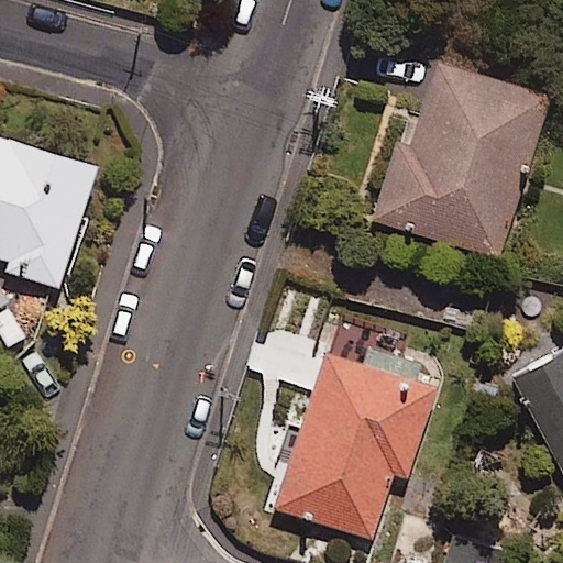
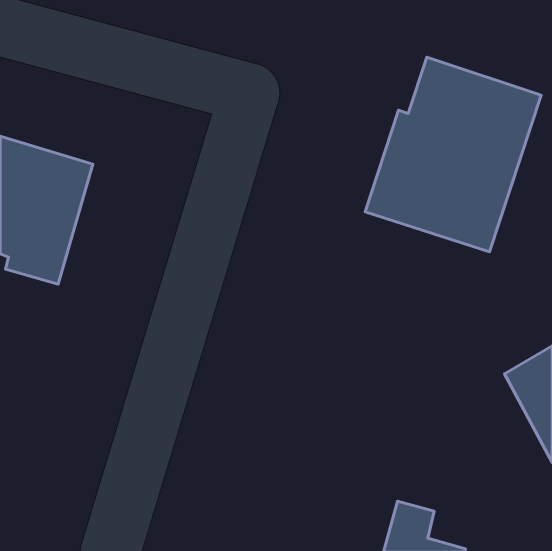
building: [276,318,437,540] -> none

